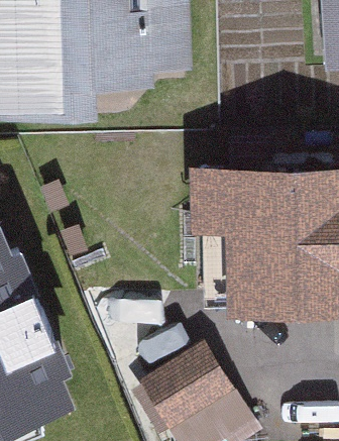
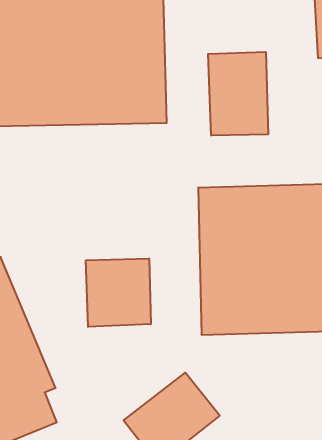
building: none -> [208,52,268,136]
building: none -> [86,258,151,327]

